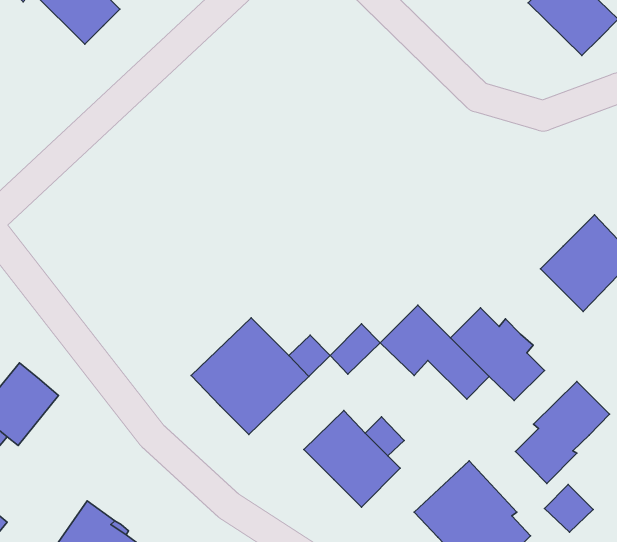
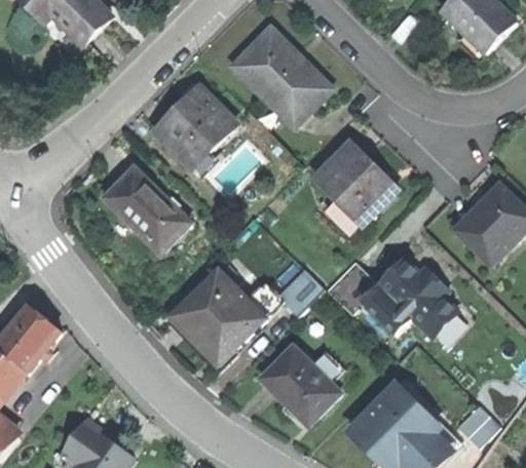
building: none -> [234,30,329,124]
building: none -> [155,89,234,167]
building: none -> [314,144,396,226]
building: none -> [104,168,189,252]
building: [515,381,610,484] -> none

